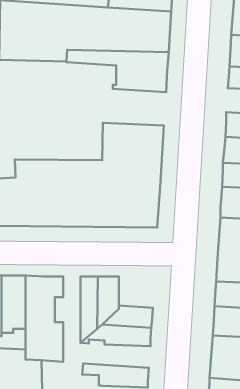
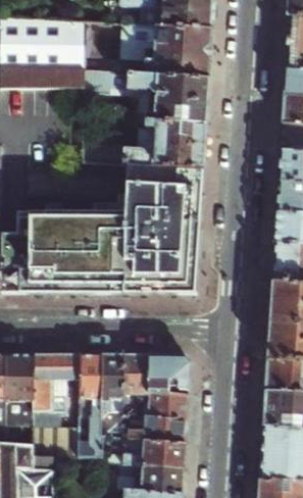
building: none -> [84,123,205,168]
building: none -> [79,354,103,461]
building: none -> [147,354,191,393]
building: none -> [122,437,186,466]

